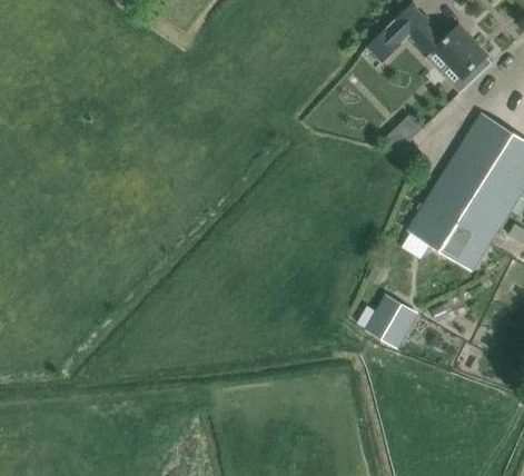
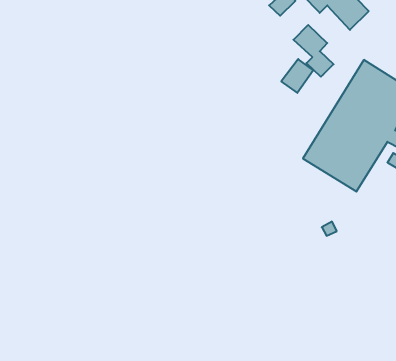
building: none -> [293,25,334,77]
building: [365,294,418,348] -> none

